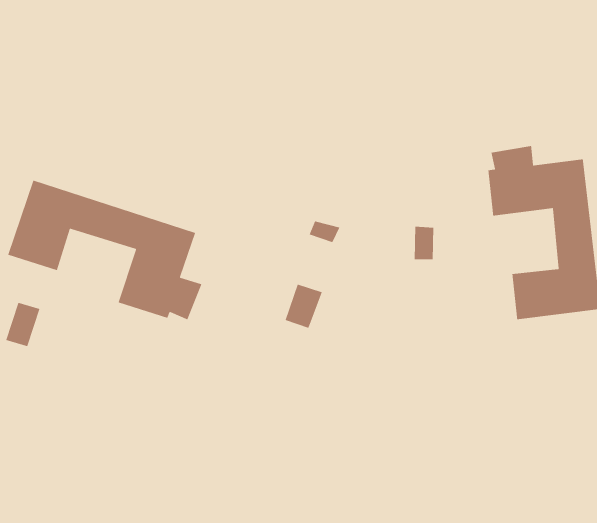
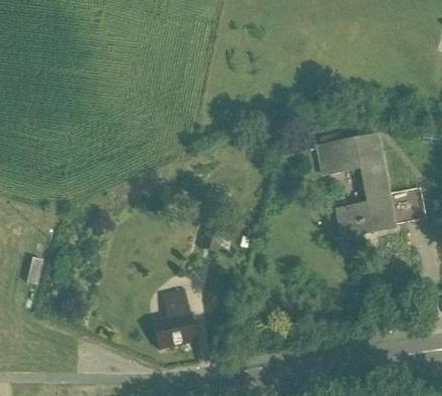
building: [7,179,202,321] -> none
building: none -> [154,288,197,348]

